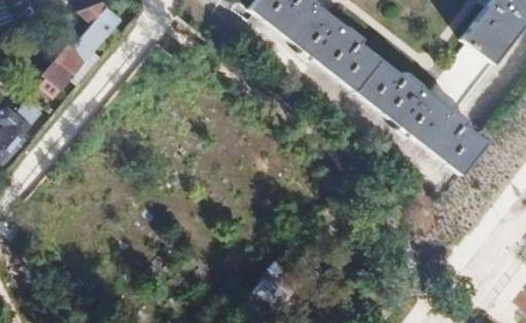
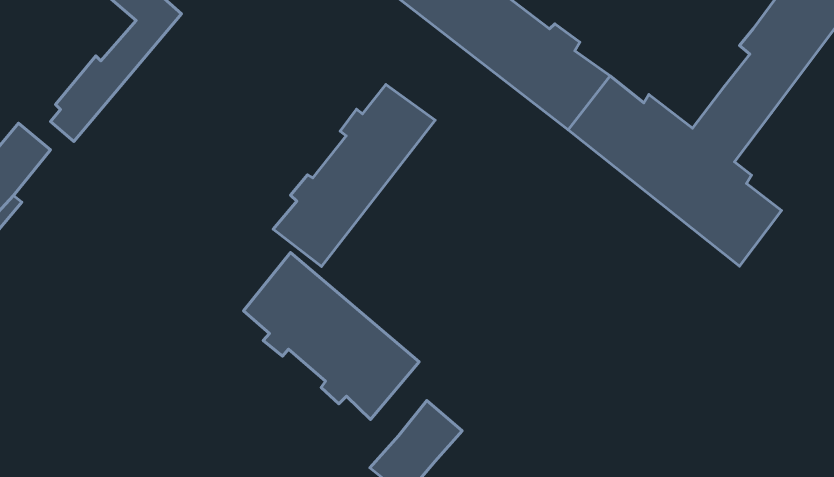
building: none -> [273,85,435,267]
building: none -> [244,253,419,419]

